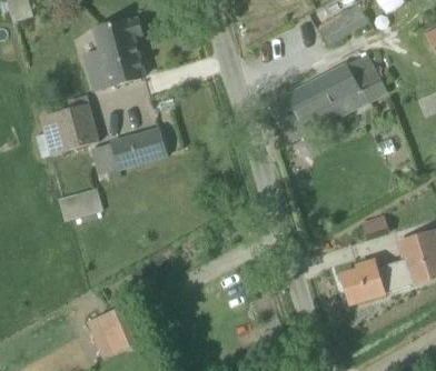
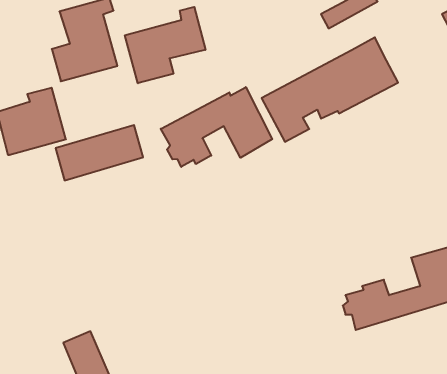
building: none -> [125,7,205,83]
building: none -> [161,87,272,167]
building: [58,187,101,217] -> none

